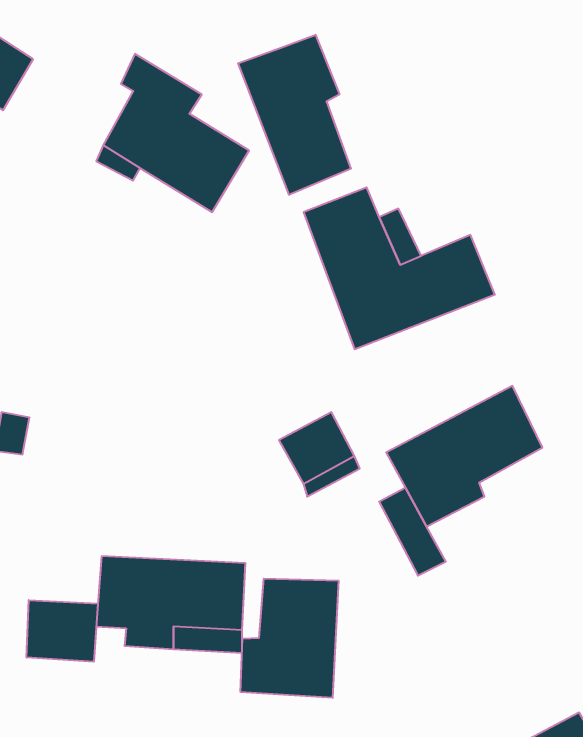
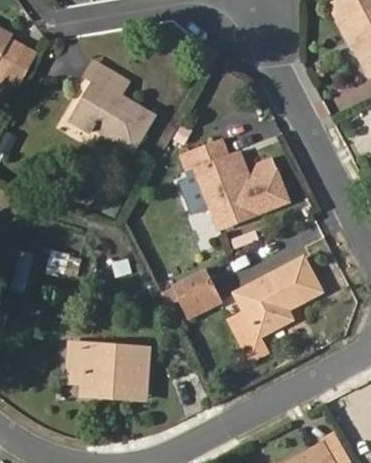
building: [238,35,351,195] -> none
building: [241,579,339,698] -> none
building: [27,600,98,662] -> none

